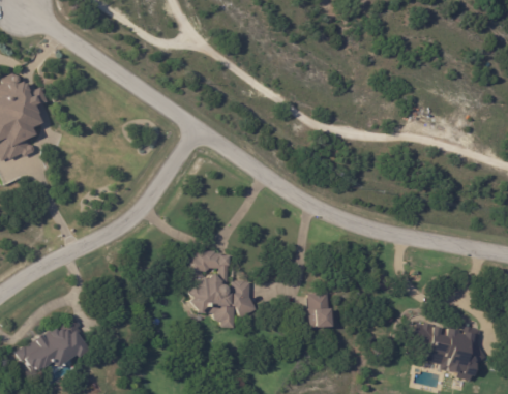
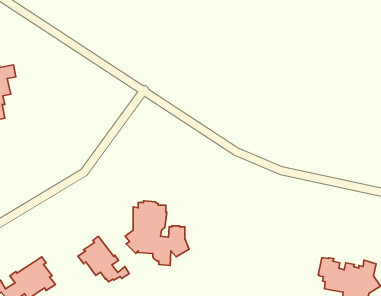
building: [307,292,328,326] -> none
building: none -> [78,236,129,282]

